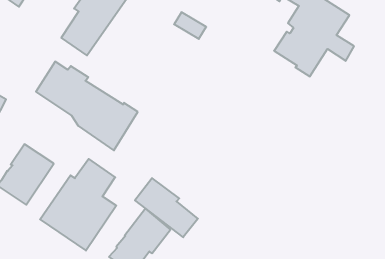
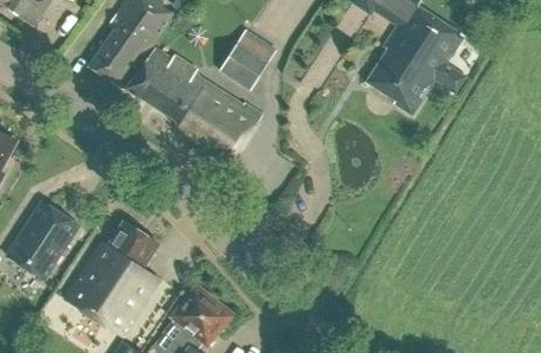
building: none -> [219,46,268,92]
building: [36,62,138,150] -> [130,49,262,163]
building: [135,178,198,237] -> none

